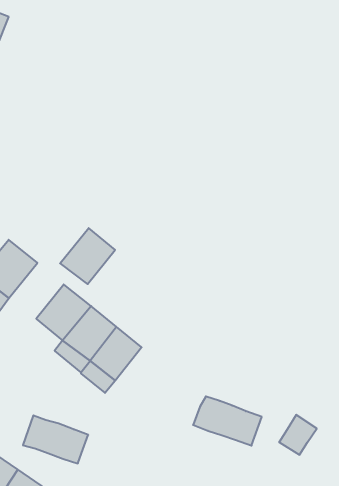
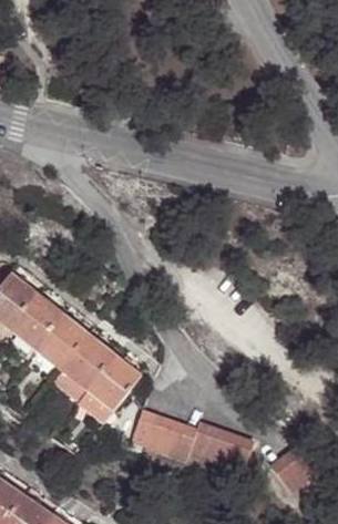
building: [60,228,115,284] -> [11,294,64,348]
building: [23,415,88,463] -> [133,414,196,461]

